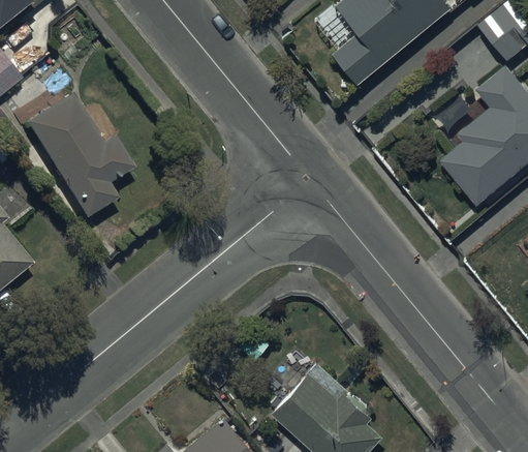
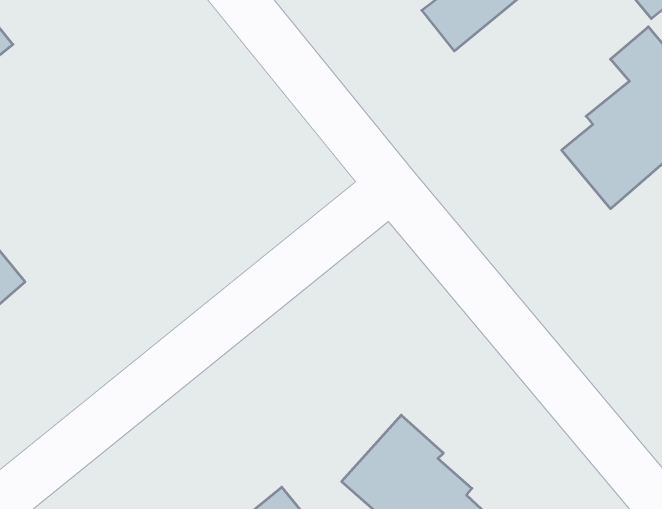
building: [24,94,132,218] -> none

